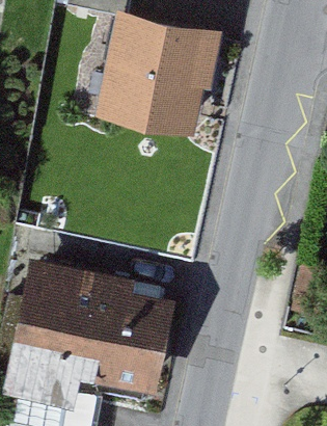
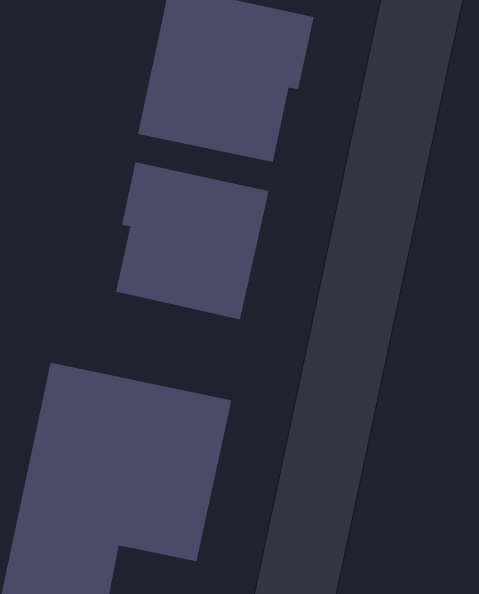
building: none -> [116,161,269,320]

